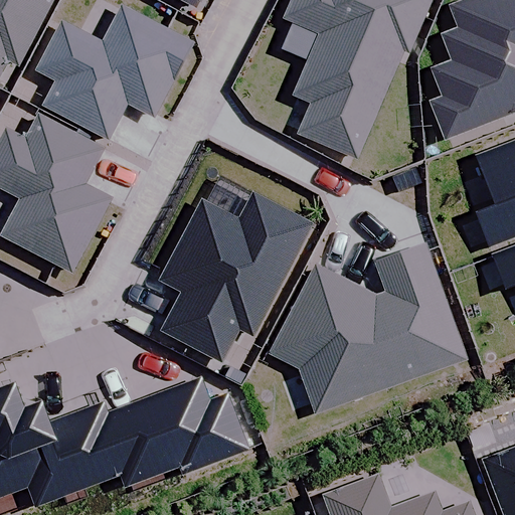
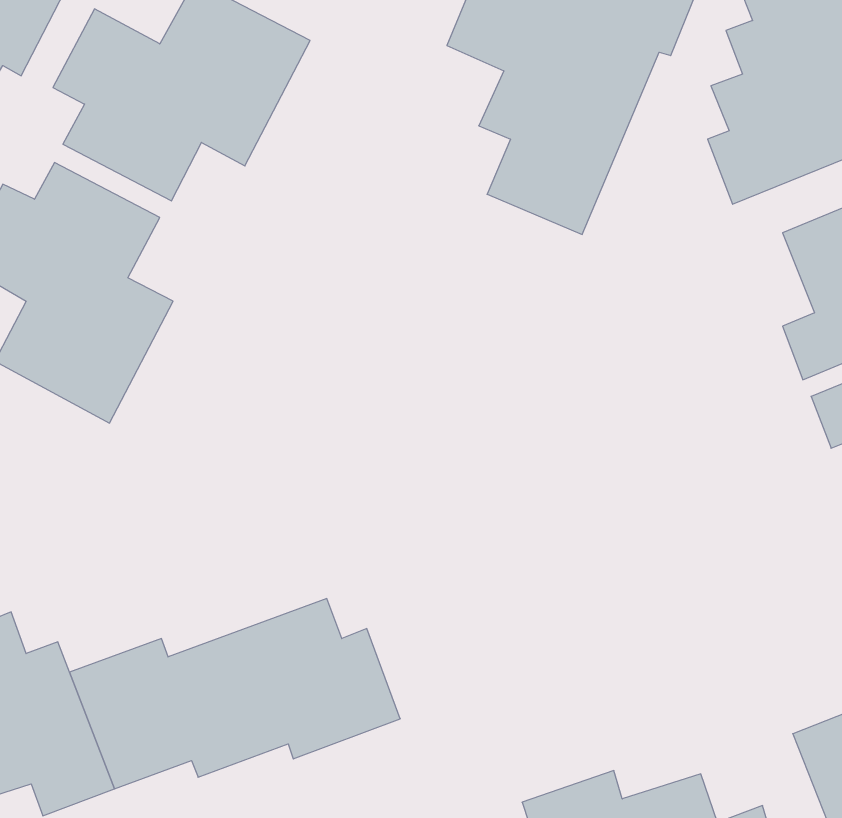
building: [160,192,309,359] -> none
building: [272,244,466,413] -> none

